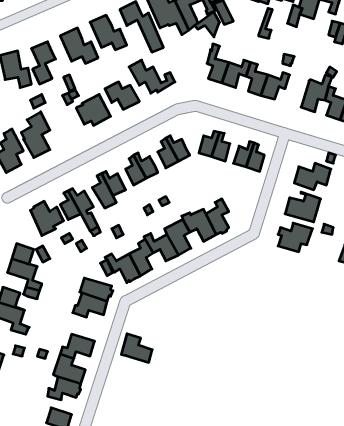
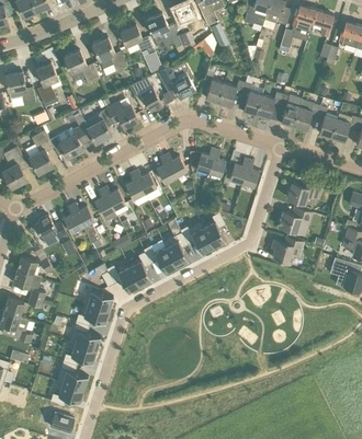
building: none -> [158,62,195,101]
building: none -> [279,94,302,125]
building: none -> [56,126,87,158]
building: [121,334,152,362] -> [70,321,100,348]

